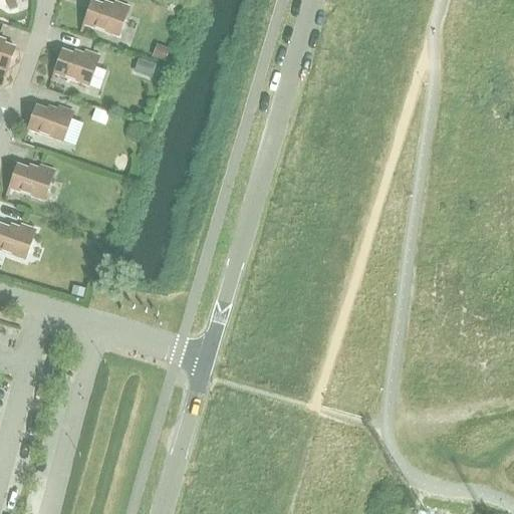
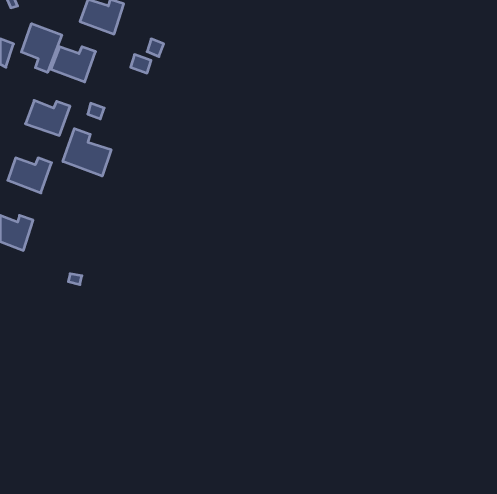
building: none -> [21,24,62,72]
building: none -> [63,129,111,176]

